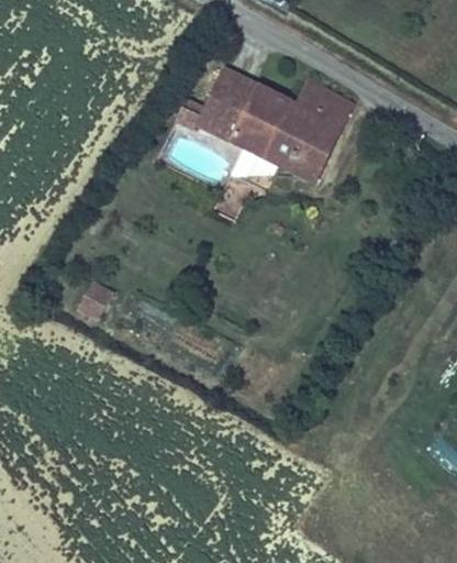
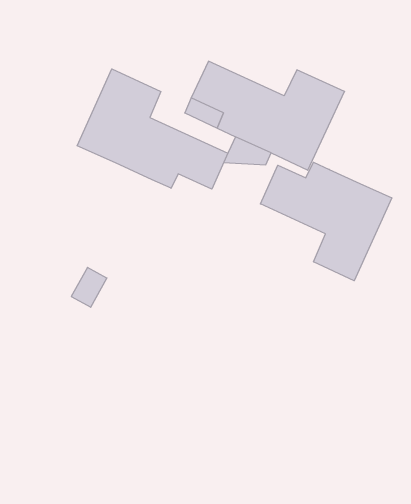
building: none -> [77,69,228,189]
building: none -> [260,162,392,281]

